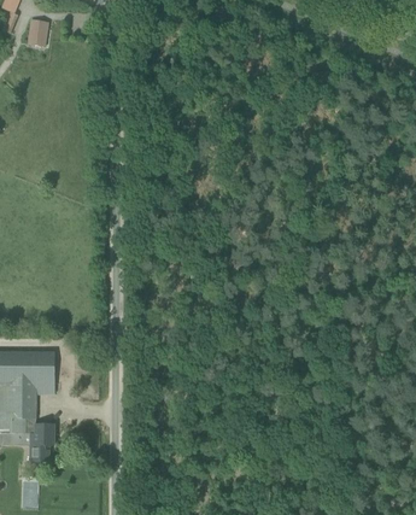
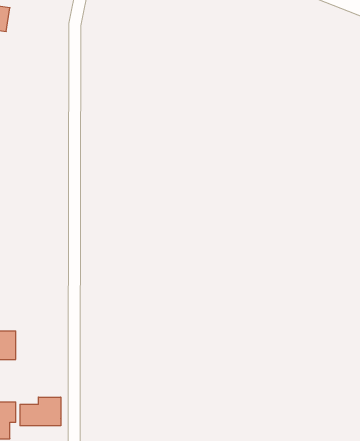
building: none -> [20,397,61,426]

